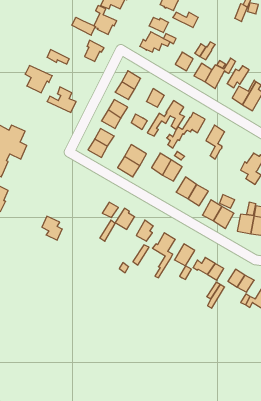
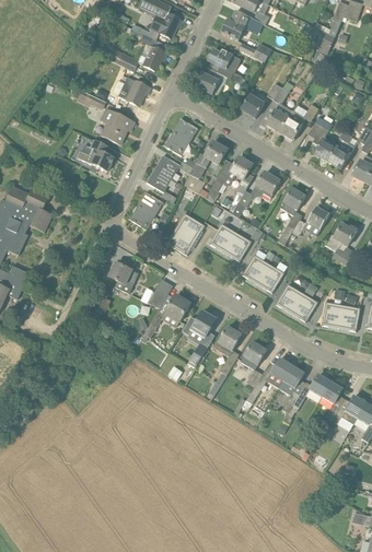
building: [25,66,52,93] -> [98,108,133,143]
building: none -> [292,205,329,235]
building: [42,216,62,240] -> [109,261,136,292]

